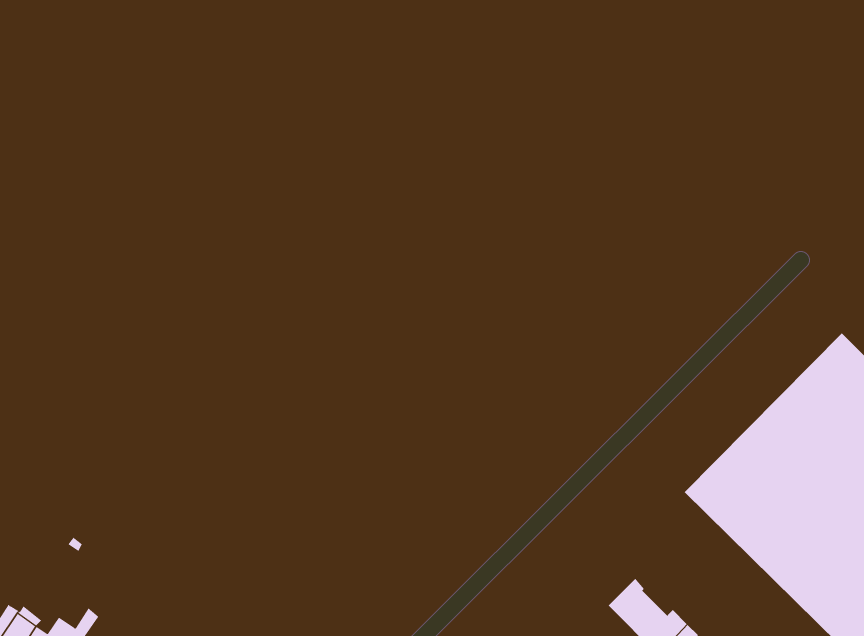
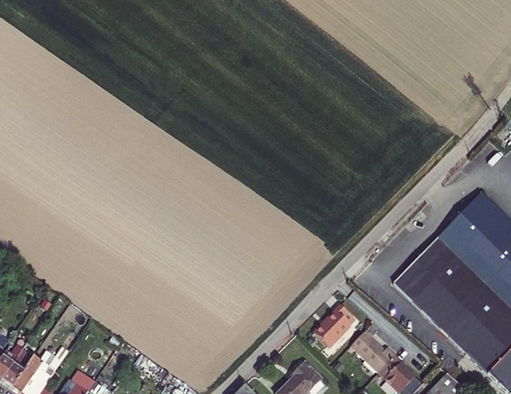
building: none -> [313,304,356,346]

